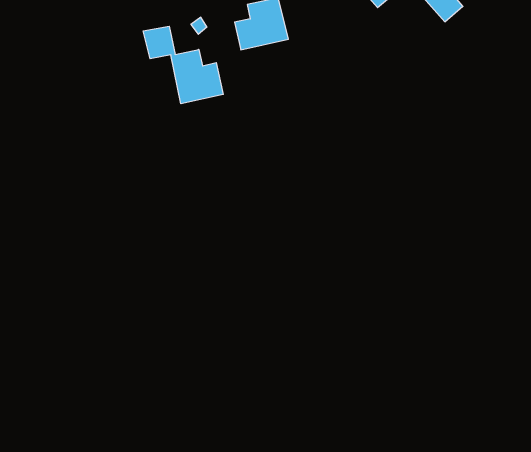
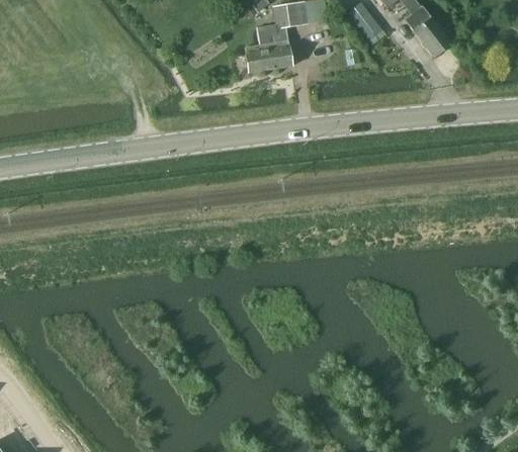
building: [143,26,223,104] -> none

